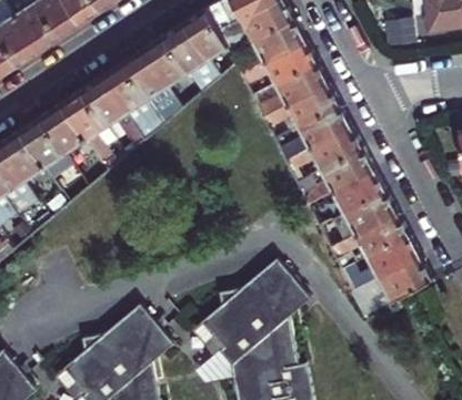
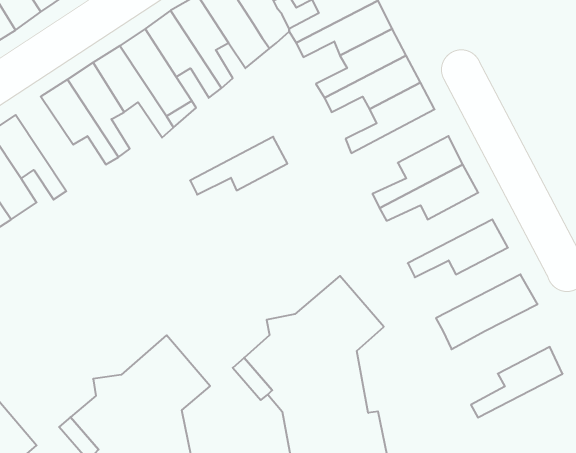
building: [20,119,70,193] -> none
building: [284,129,361,174] -> [190,137,287,195]
building: [323,194,395,249] -> none
building: [345,237,418,293] -> [471,347,563,418]

